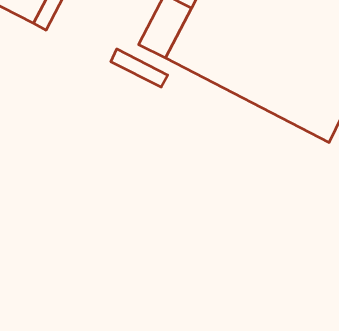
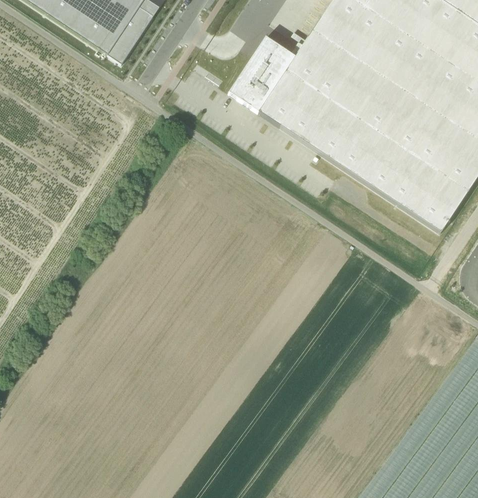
building: [111,49,168,87] -> none

